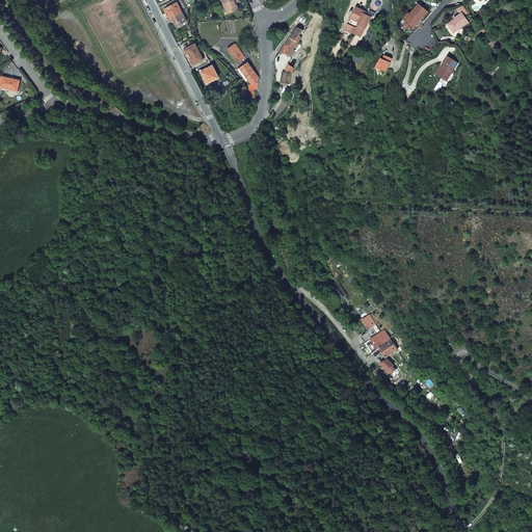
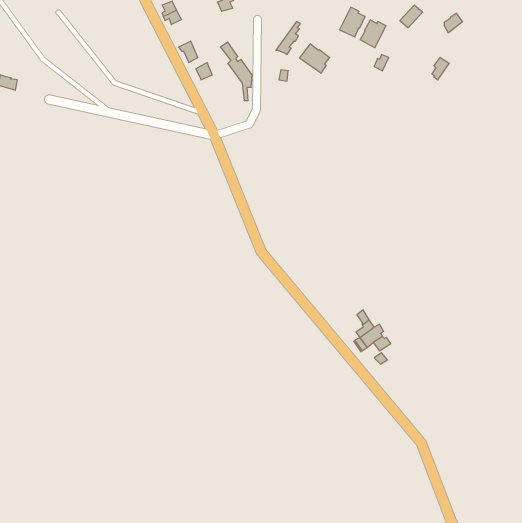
building: none -> [360,20,386,48]
building: none -> [299,44,330,73]

